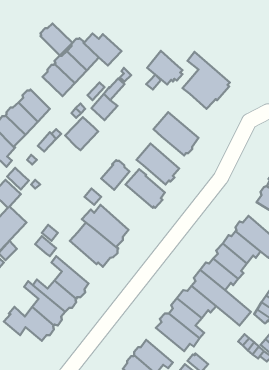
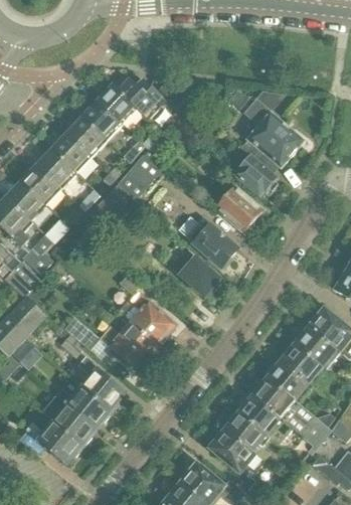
building: [40,23,73,56] -> [51,133,92,173]
building: [147,51,183,85] -> [233,154,278,196]
building: [101,160,130,190] -> none

